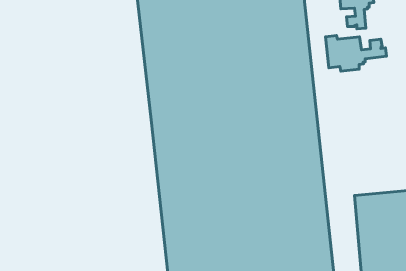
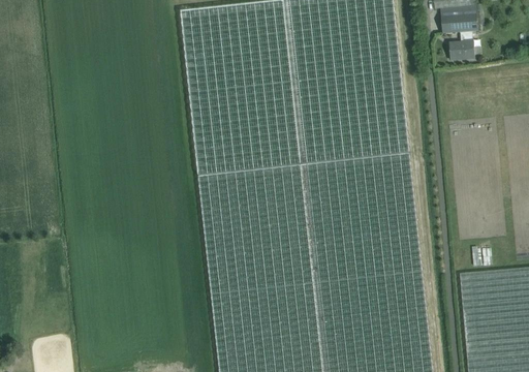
building: [326,35,386,71] -> none

